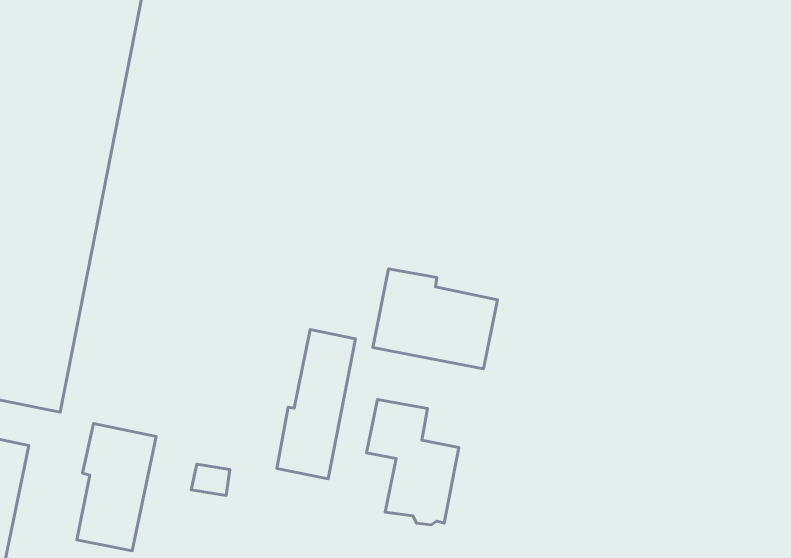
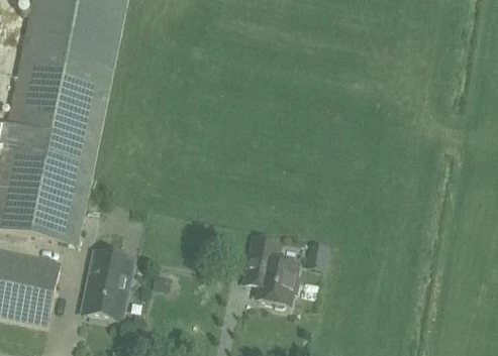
building: [373,269,498,369] -> none
building: [277,329,356,479] -> none

